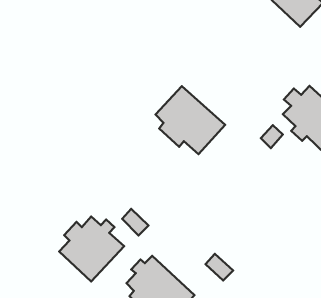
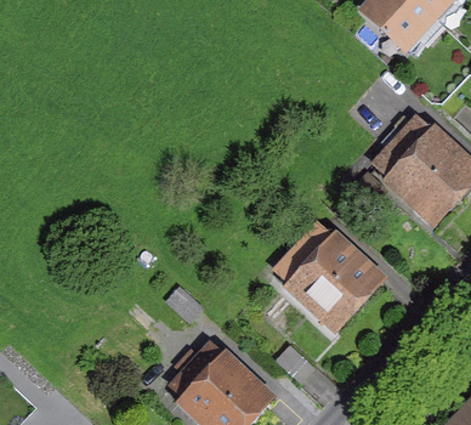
building: [155,86,225,154] -> [282,231,374,321]
building: [59,216,124,281] -> none

